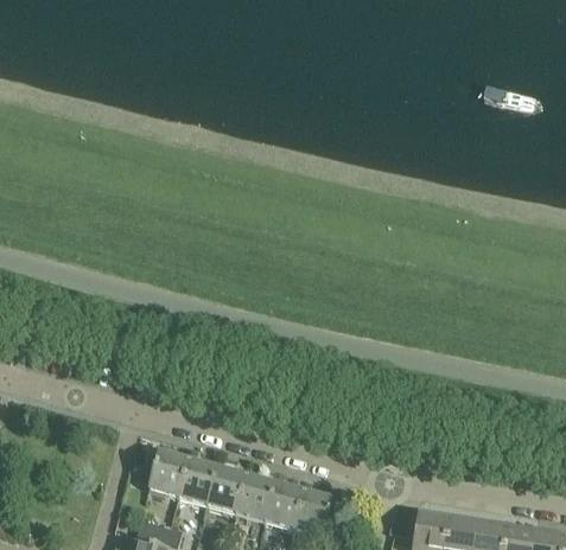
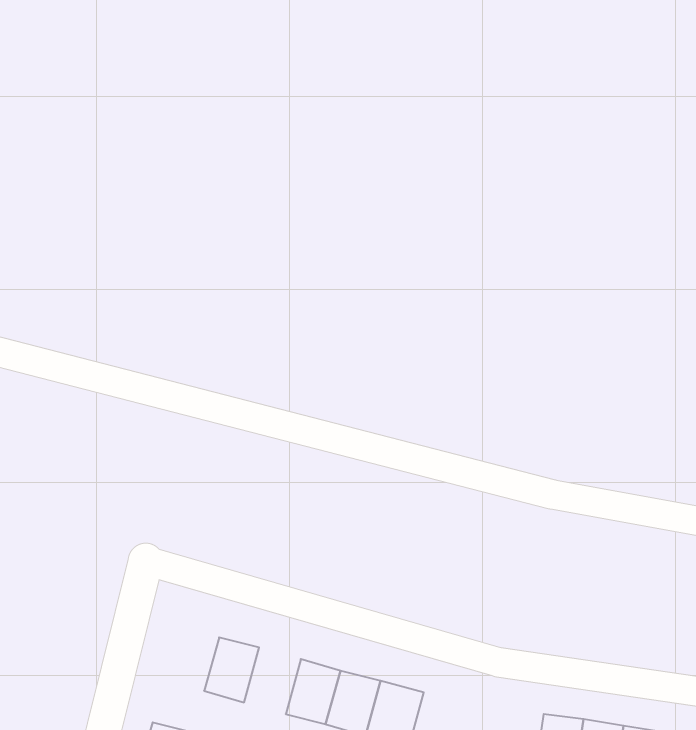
building: [148,449,189,495] -> none
building: [206,465,247,512] -> none

